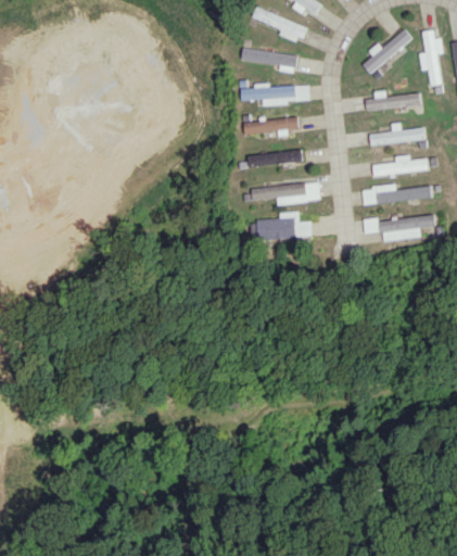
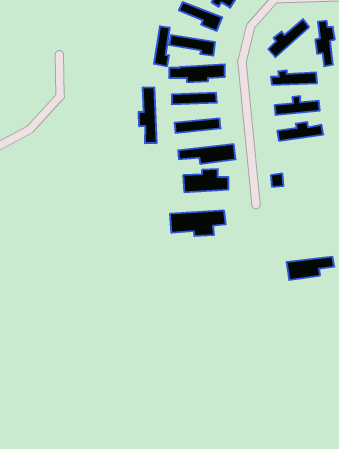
building: none -> [154,26,170,66]
building: none -> [139,87,156,143]
building: [363,185,432,205] -> none
building: [381,214,440,242] -> [286,257,334,280]
building: none -> [170,210,226,236]

